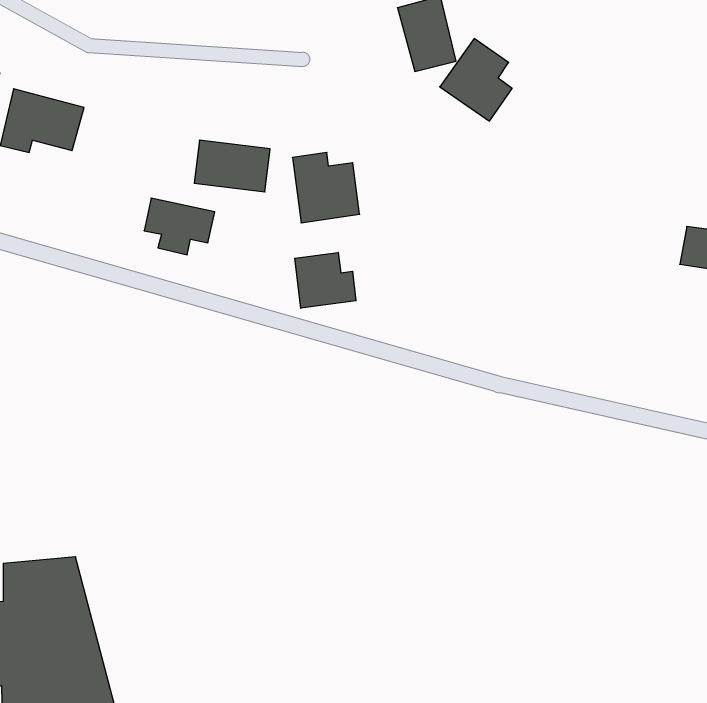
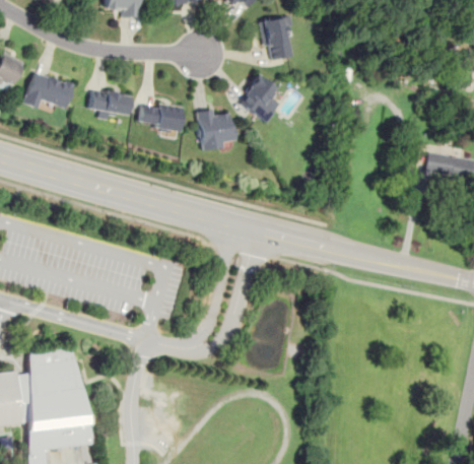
building: [440,39,512,121] -> [239,74,281,123]
building: [144,198,215,255] -> [90,87,132,121]
building: [295,252,356,308] -> none

